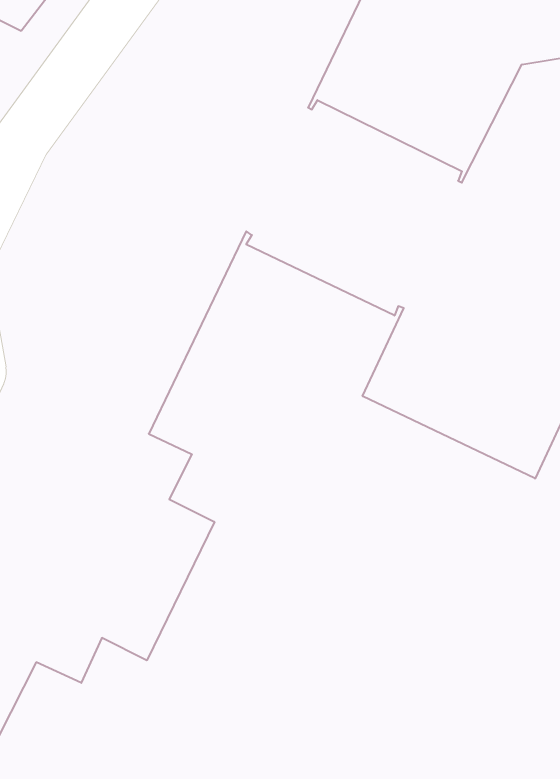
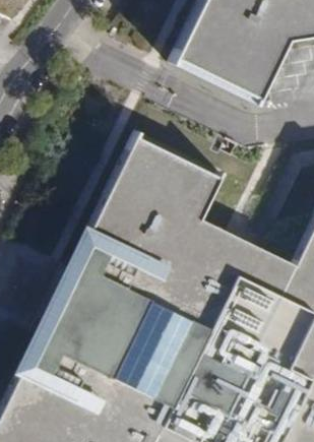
building: none -> [22,239,119,374]

